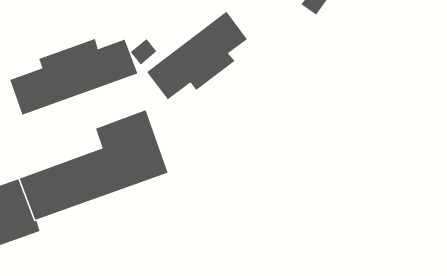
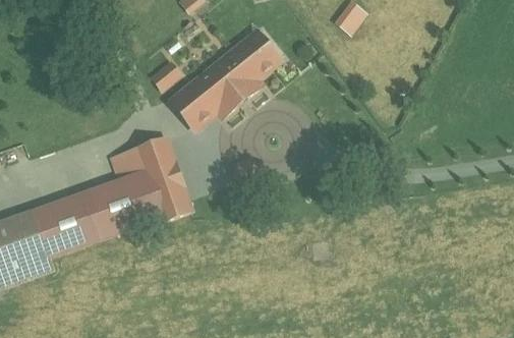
building: [10,38,138,116] -> none

